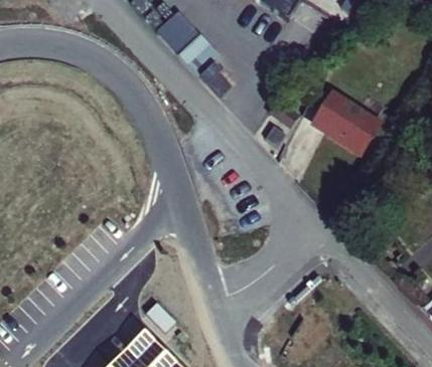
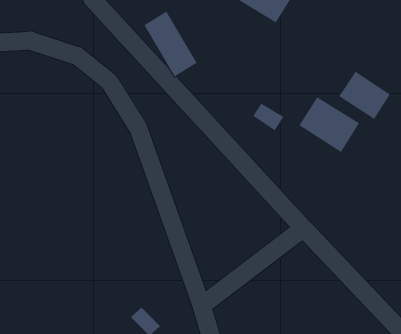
building: none -> [338,71,391,120]

